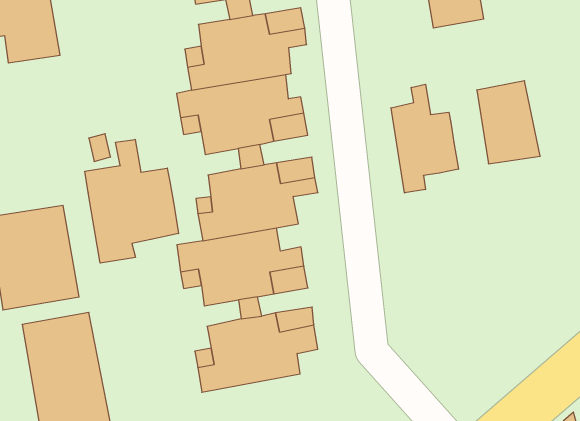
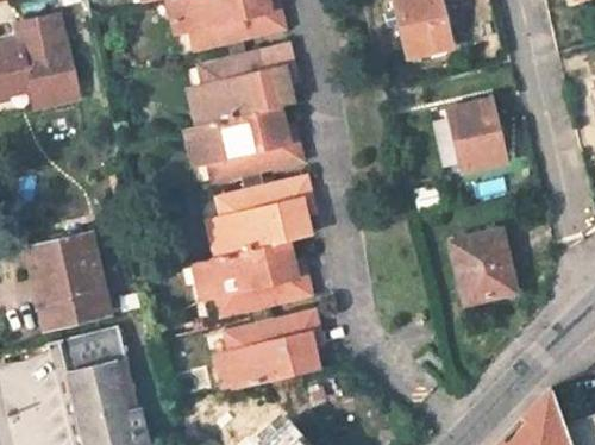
building: [391,84,458,193] -> none
building: [85,139,178,263] -> none
building: none -> [451,230,508,303]

